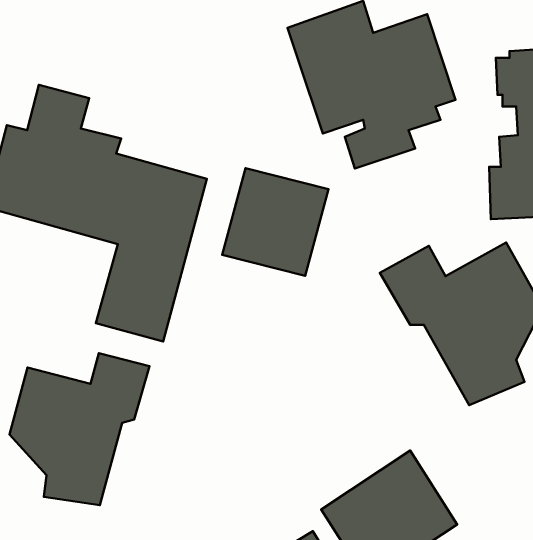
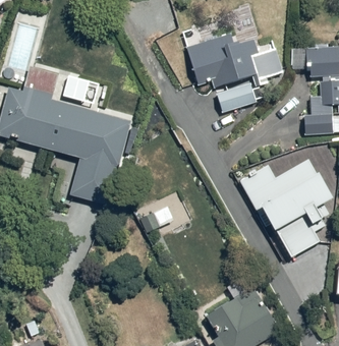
building: [222,168,328,276] -> none
building: [10,353,149,505] -> none

